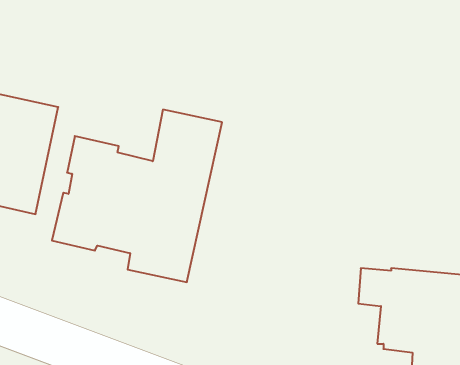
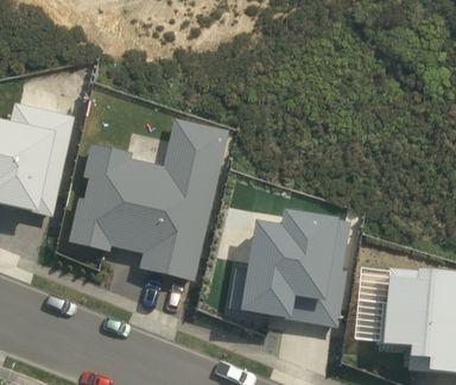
building: none -> [228,209,349,328]

